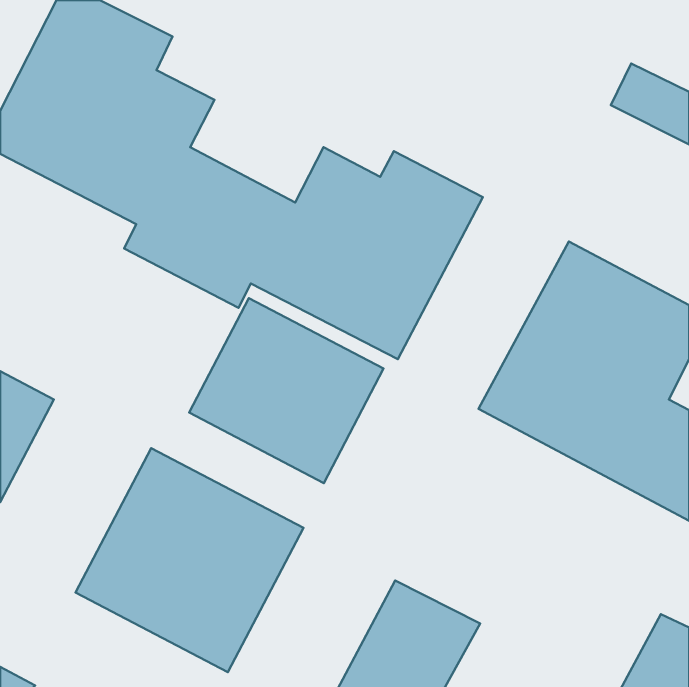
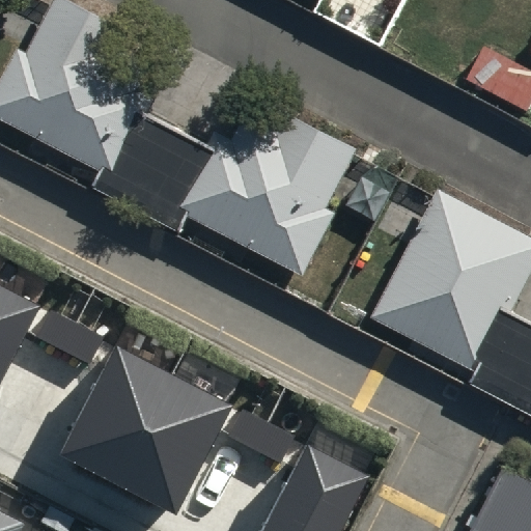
building: [189,298,383,483] -> none

